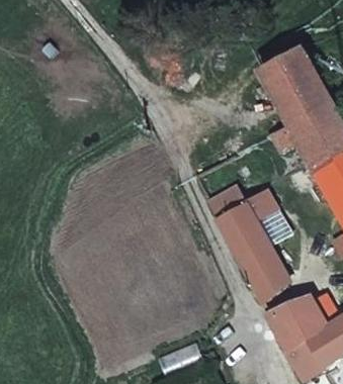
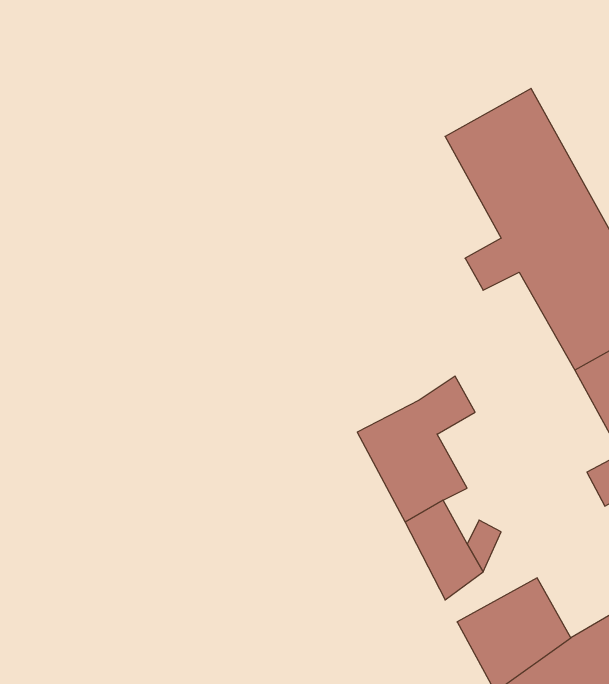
building: [204,184,246,220] -> none

